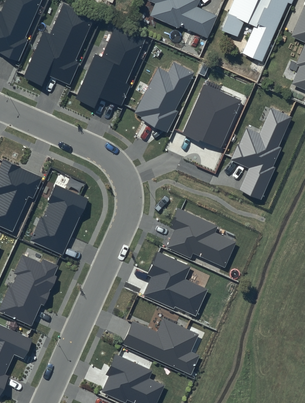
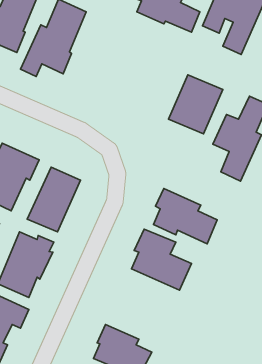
building: [75,25,146,108] -> none
building: [134,62,195,133] -> none
building: [122,318,200,375] -> none

